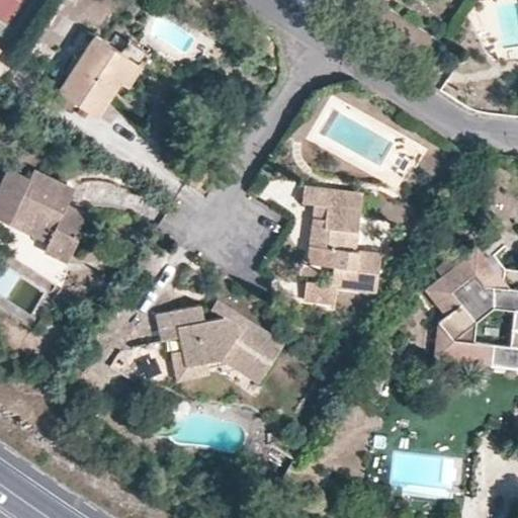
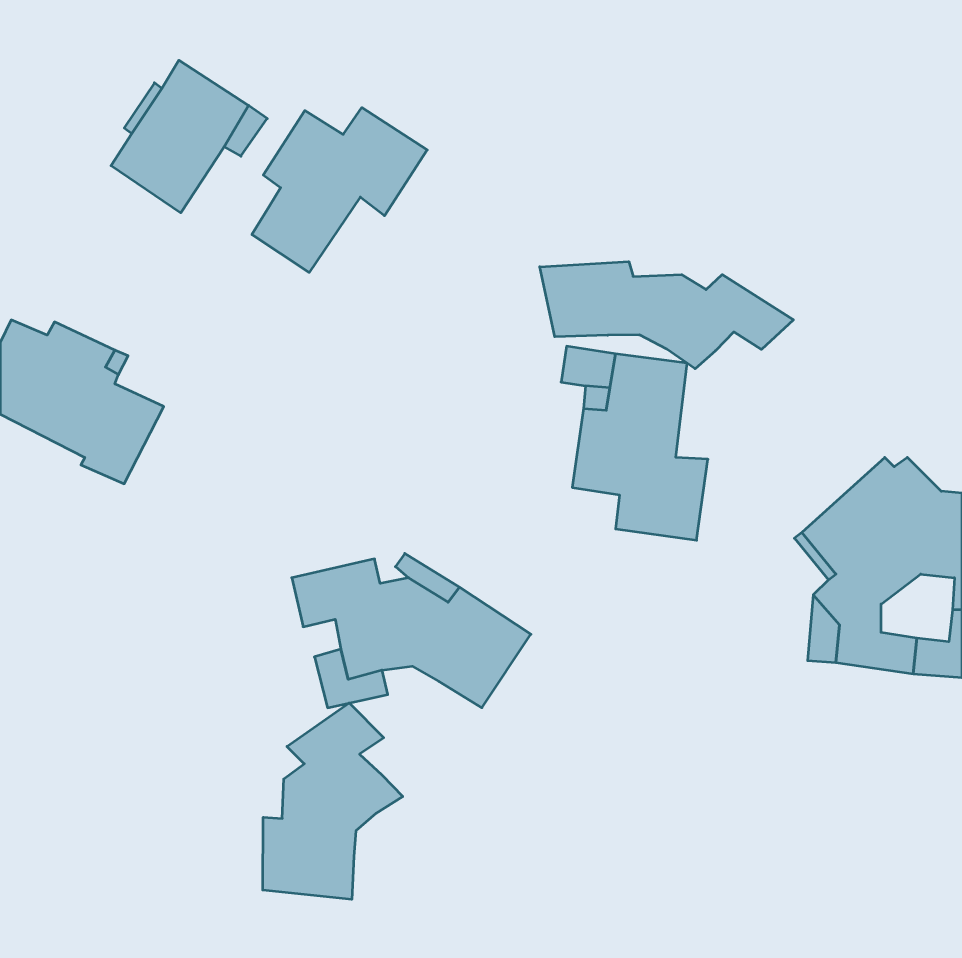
building: none -> [252,108,427,272]
building: none -> [540,262,793,369]
building: none -> [263,703,403,899]

